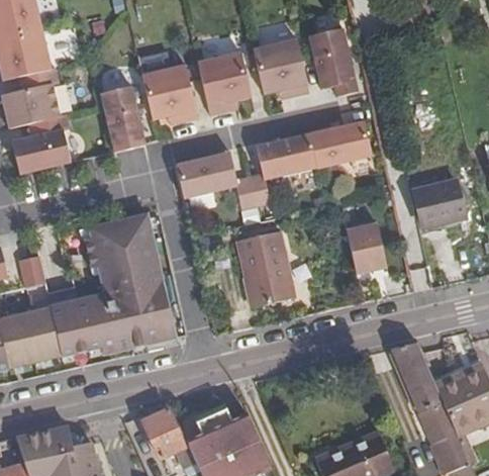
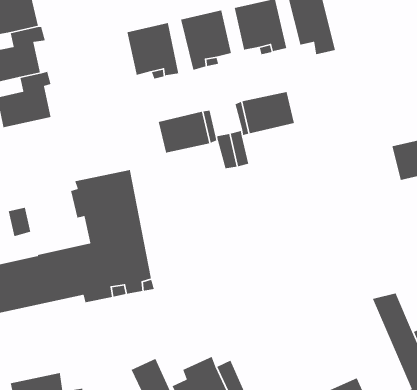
building: [98,85,142,151] -> none
building: [307,121,369,169] -> none
building: [343,221,385,274] -> none
building: [236,232,295,308] -> none

